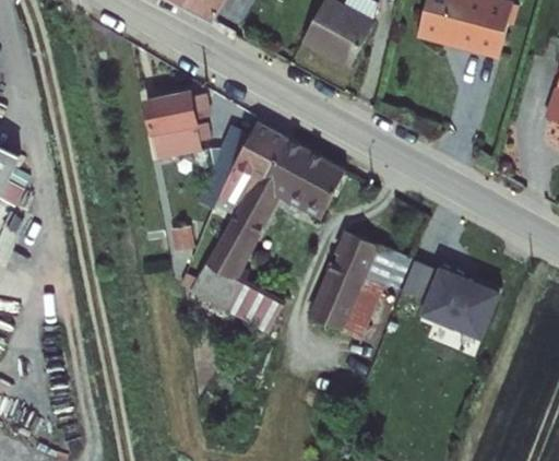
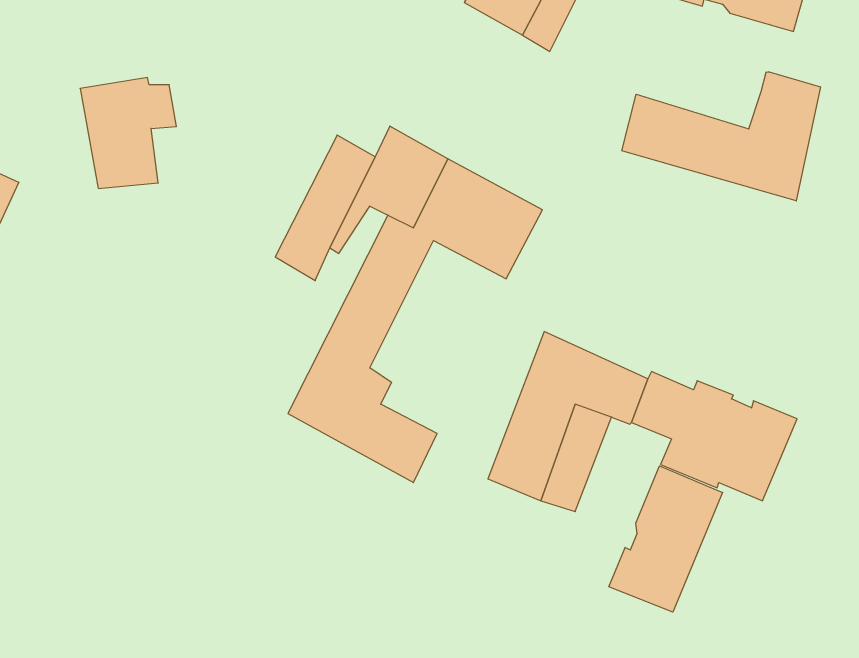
building: none -> [622,72,821,201]
building: [148,88,206,155] -> [80,78,176,188]
building: none -> [609,466,723,612]

